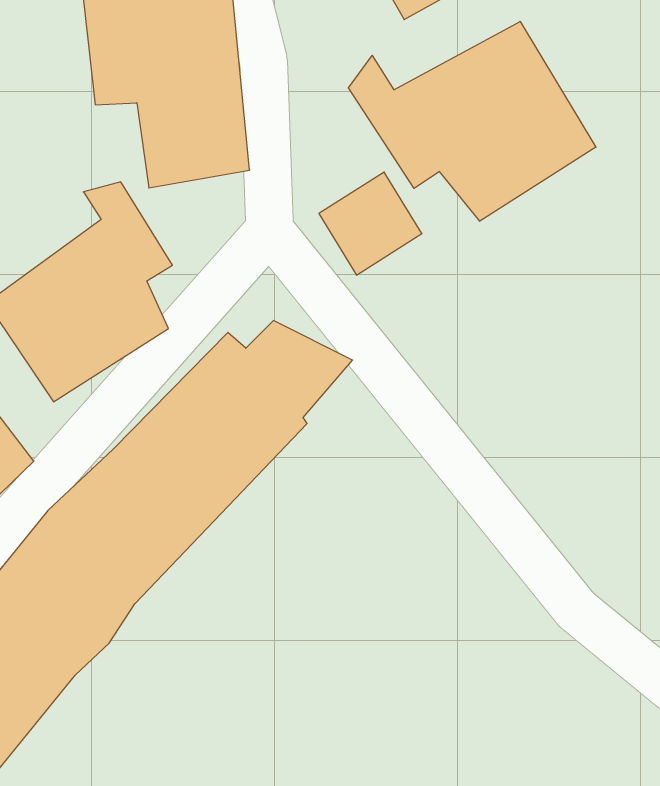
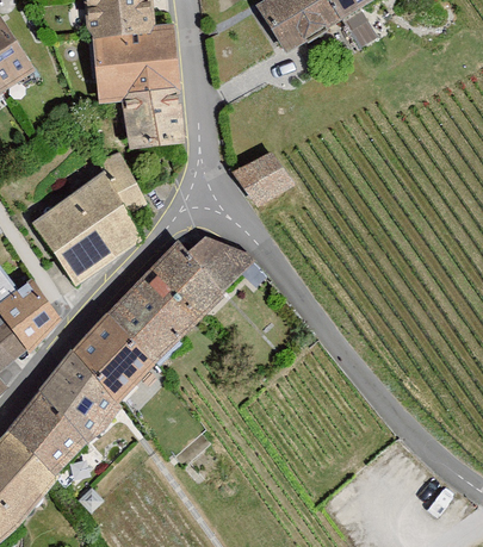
building: [348,21,596,221] -> none

